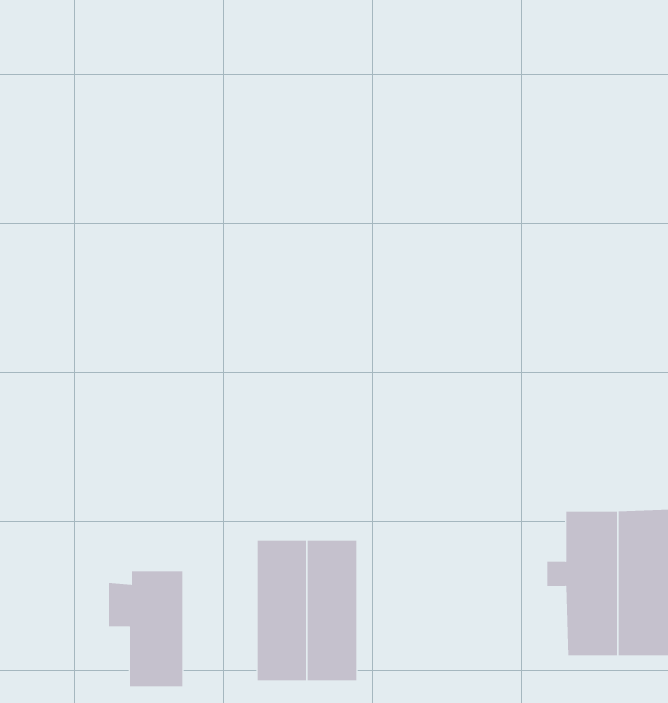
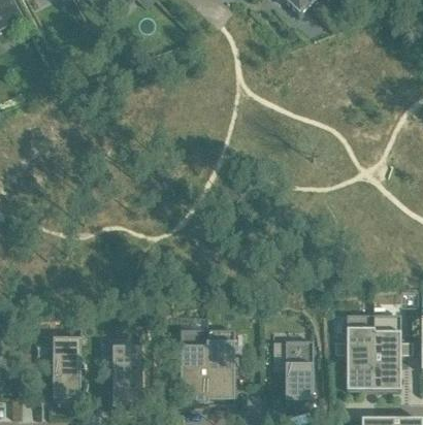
building: none -> [52,338,80,399]
building: none -> [272,340,313,401]

